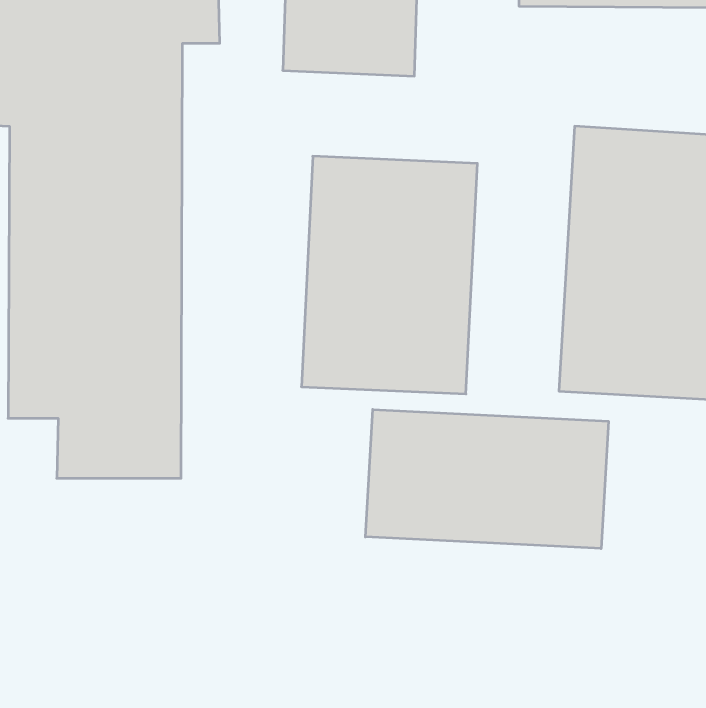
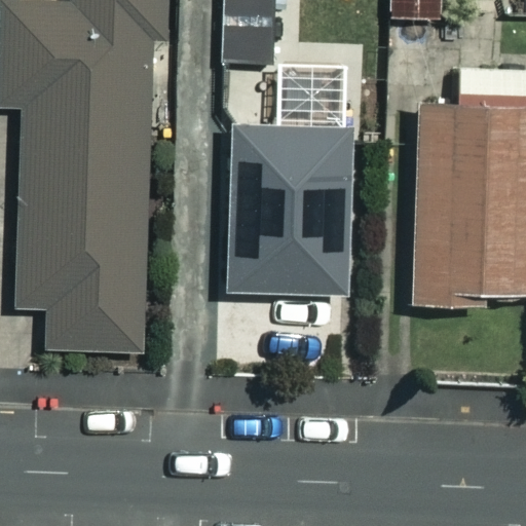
building: [365,409,608,549] -> none

